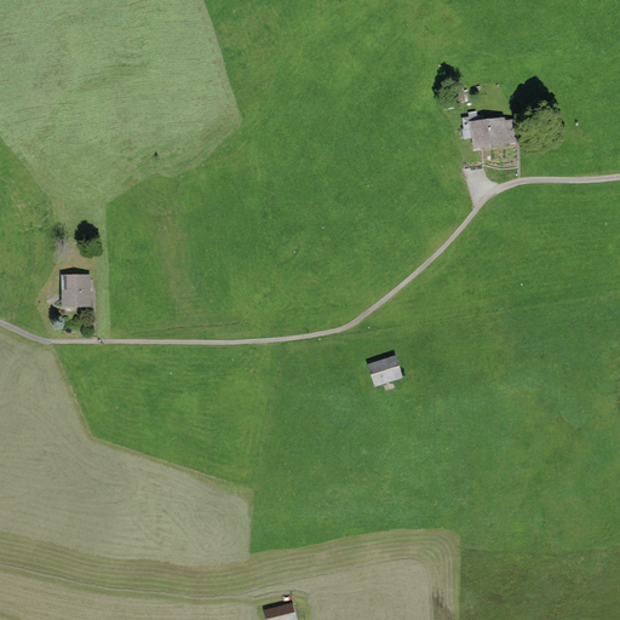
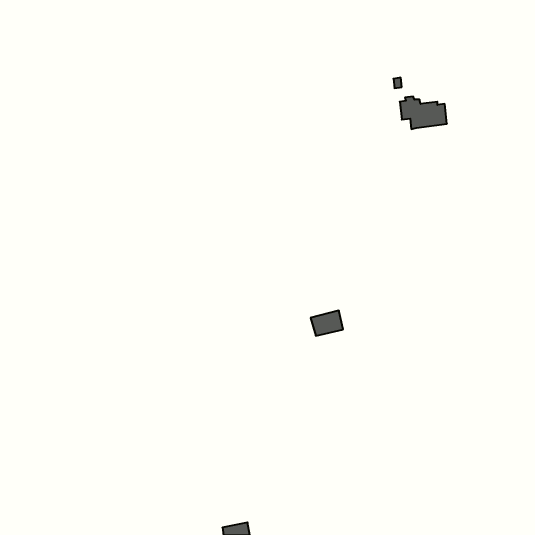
building: [63,276,93,310] -> none

